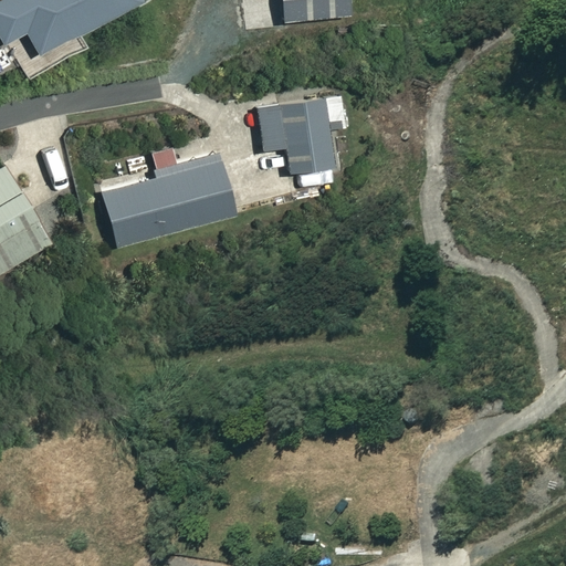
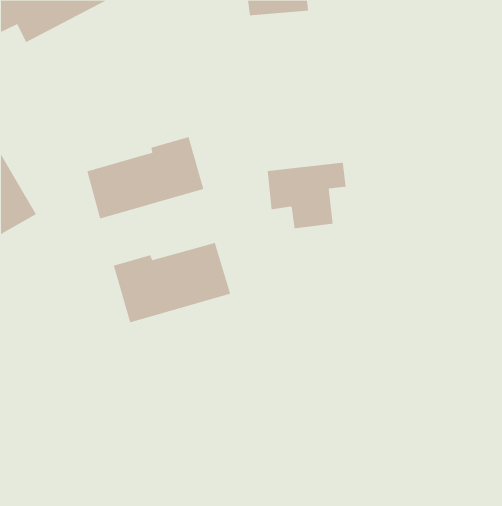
building: [260,97,348,171] -> [267,162,347,229]
building: none -> [113,242,231,323]

